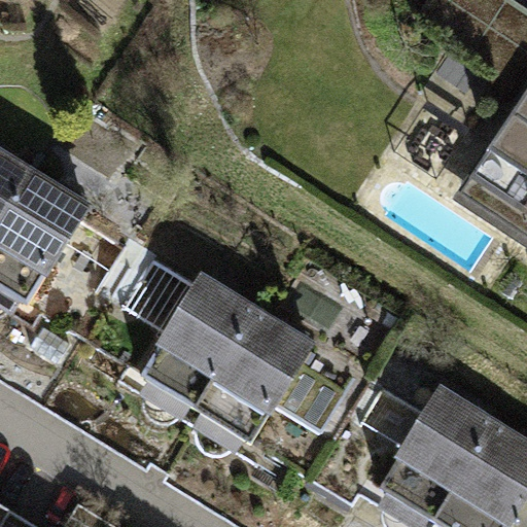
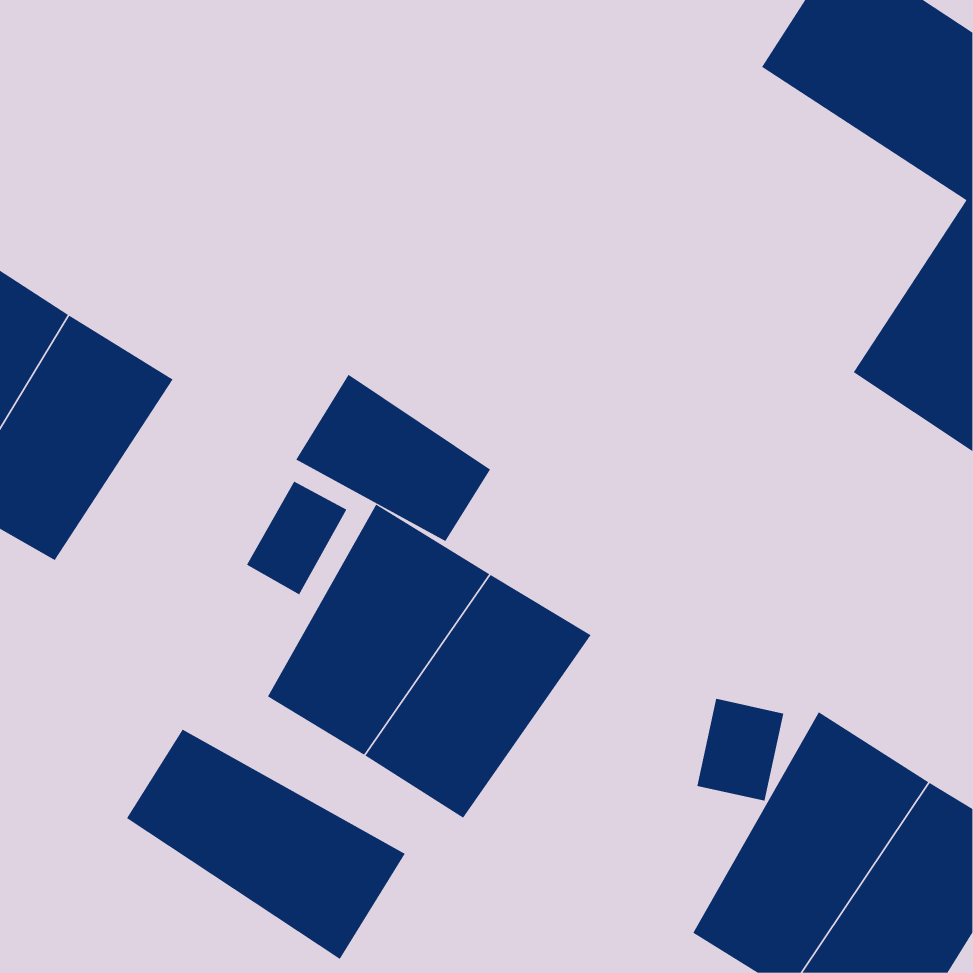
building: none -> [296,374,491,542]
building: none -> [126,729,406,960]

